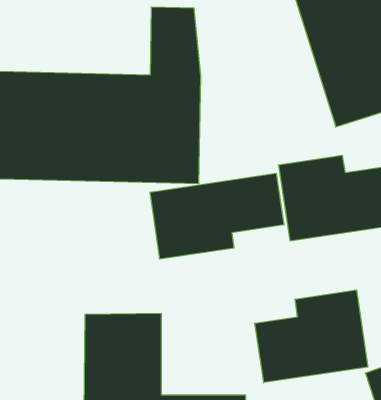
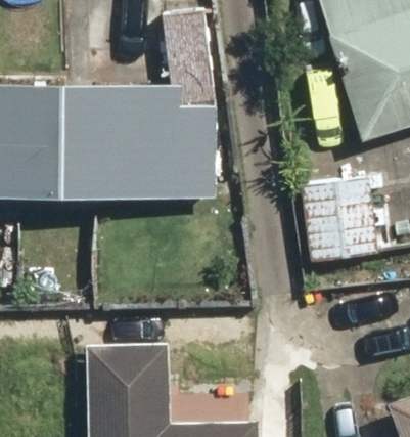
building: [150,173,284,259] -> none
building: [255,290,368,383] -> none

